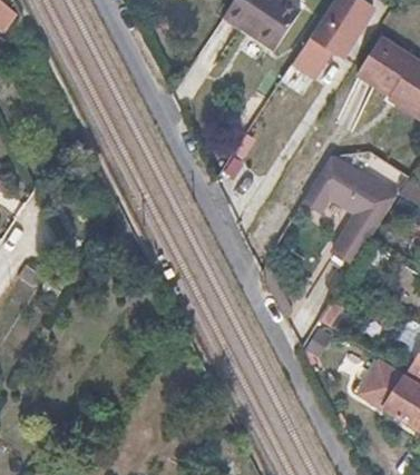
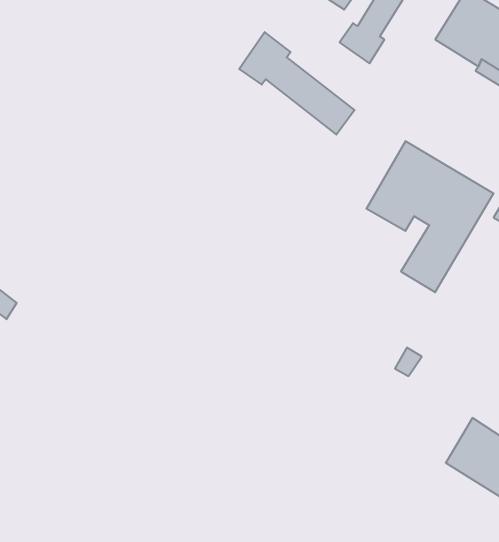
building: none -> [239,32,355,135]

